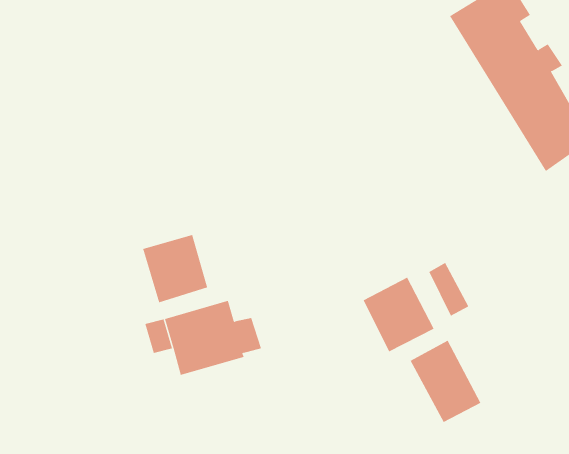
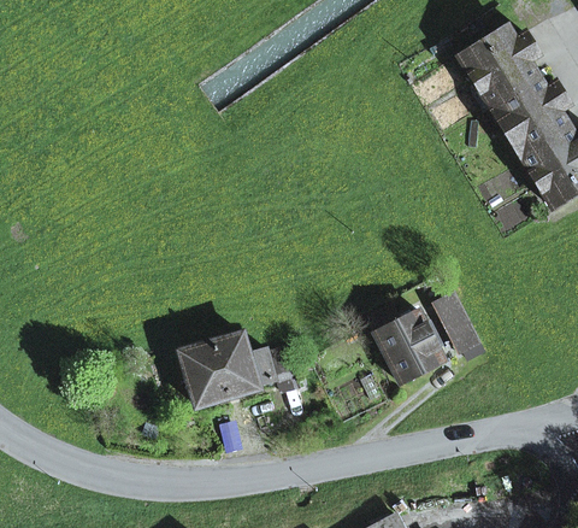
building: [143,234,208,303] -> none
building: [410,340,481,423] -> none

